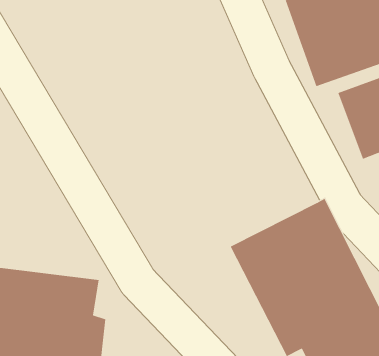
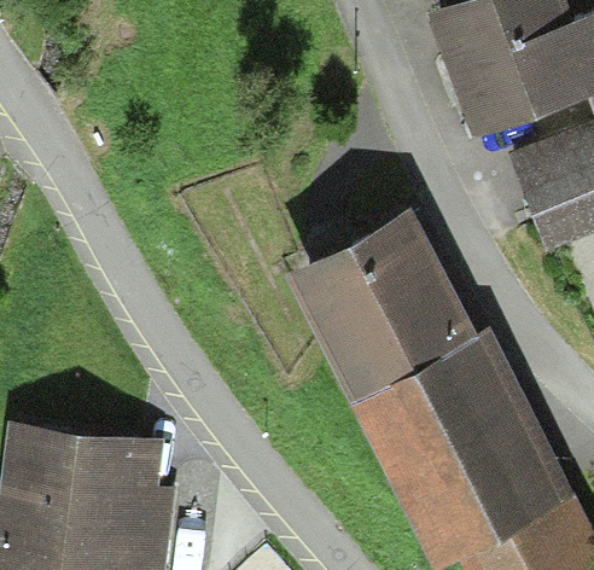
building: none -> [284,199,478,395]

